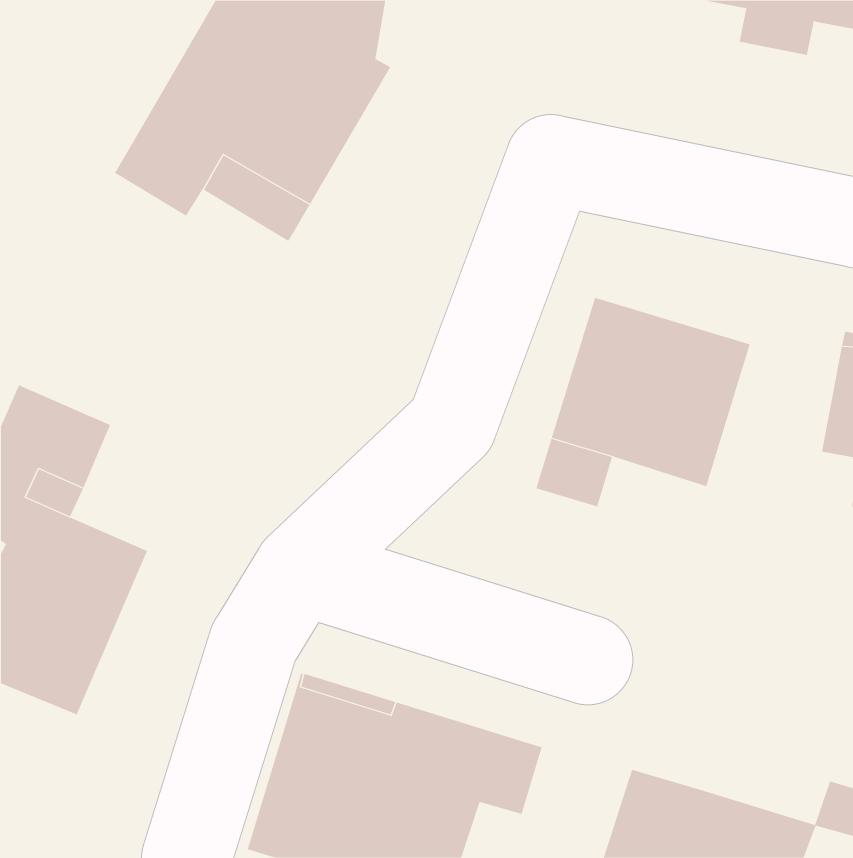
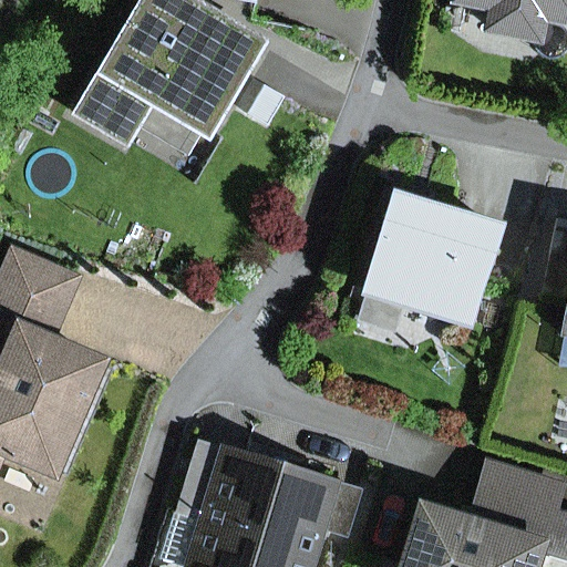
building: none -> [468,465,558,544]

